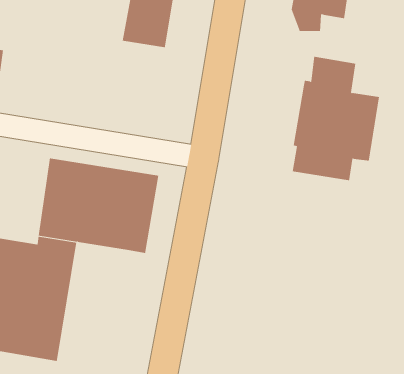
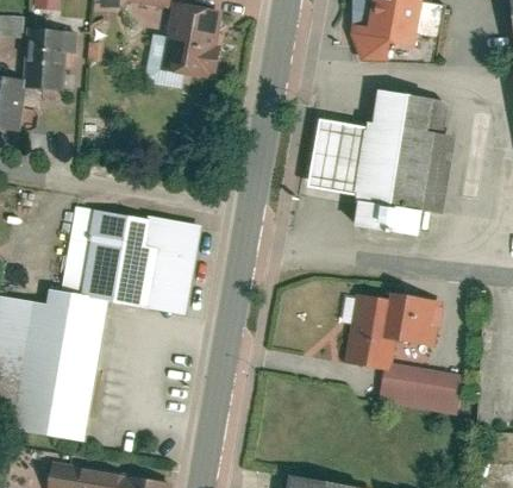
building: none -> [25,31,77,94]
building: none -> [307,114,368,192]
building: none -> [340,292,461,417]

